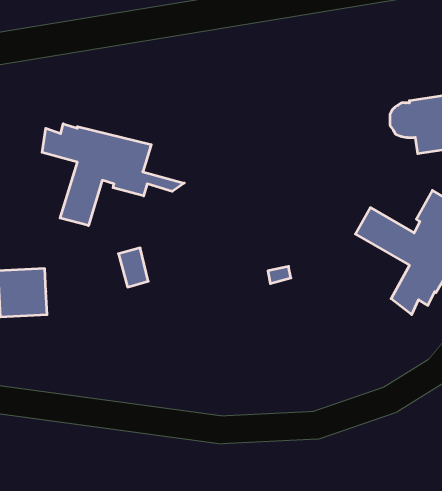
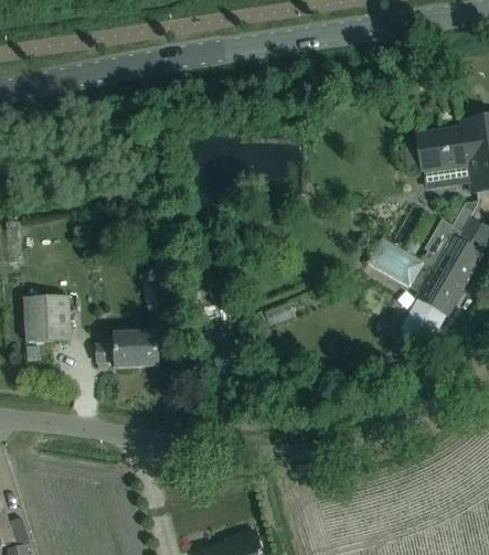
building: [42,124,184,226] -> none
building: none -> [96,330,159,365]

